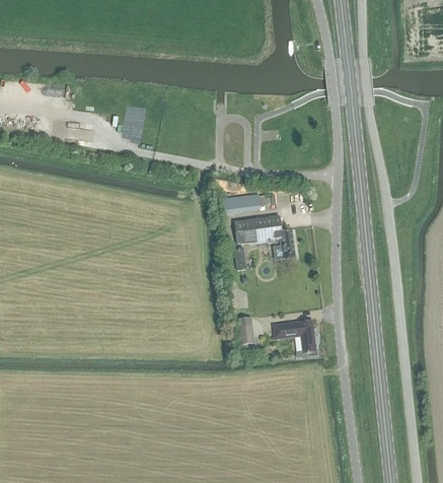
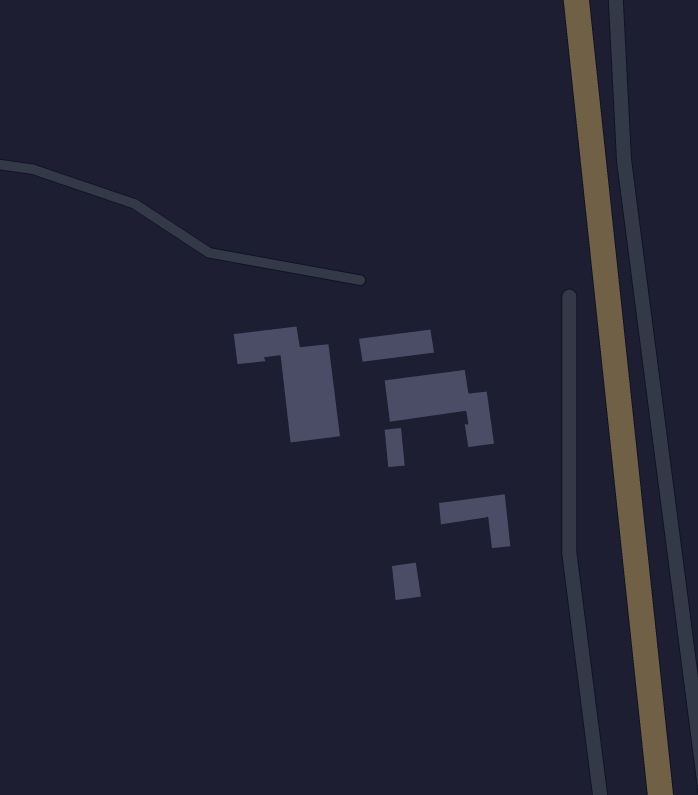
building: none -> [233,326,340,443]
building: [274,320,314,350] -> [438,494,511,548]

